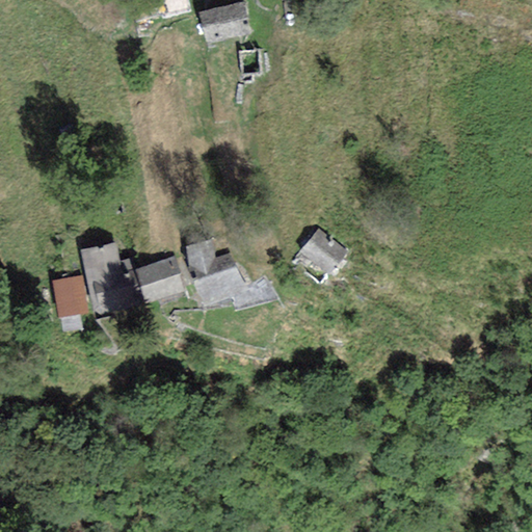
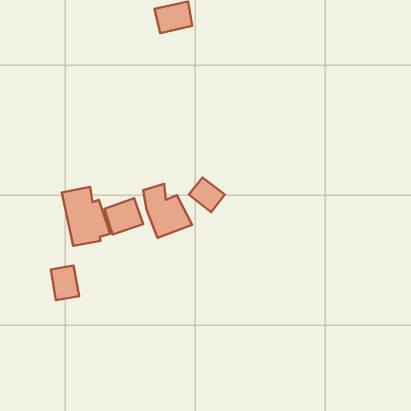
building: [299,229,346,273] -> [189,178,225,212]
building: [52,272,88,317] -> [51,266,79,300]

